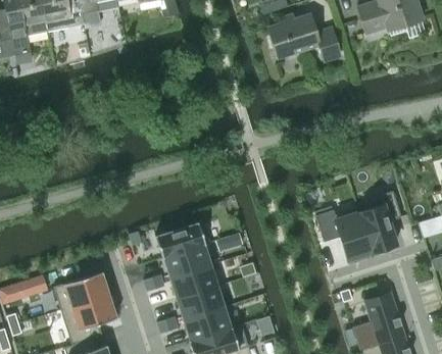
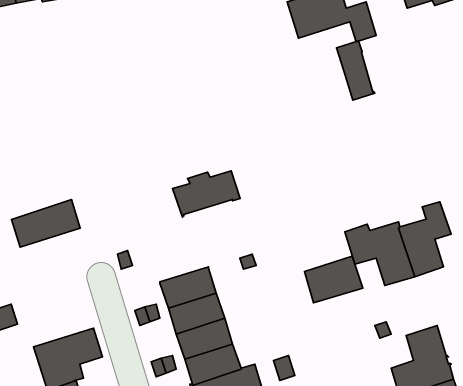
building: none -> [337,41,375,100]
building: [155,220,210,258] -> [173,171,240,217]
building: none -> [305,256,363,303]
building: [54,270,110,309] -> [11,200,80,247]

